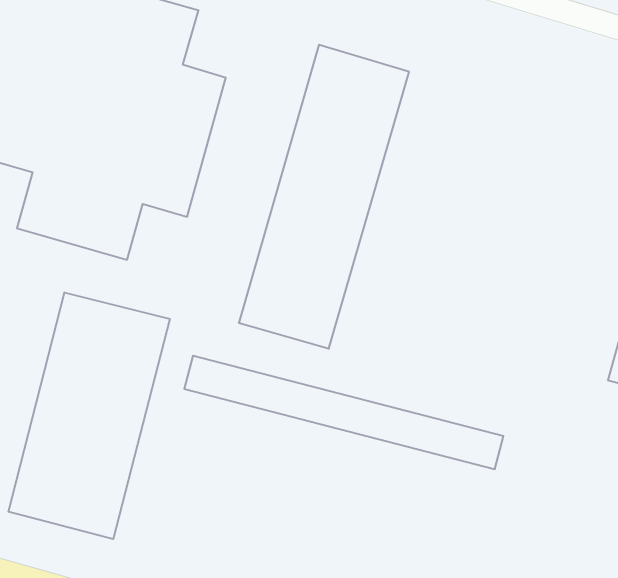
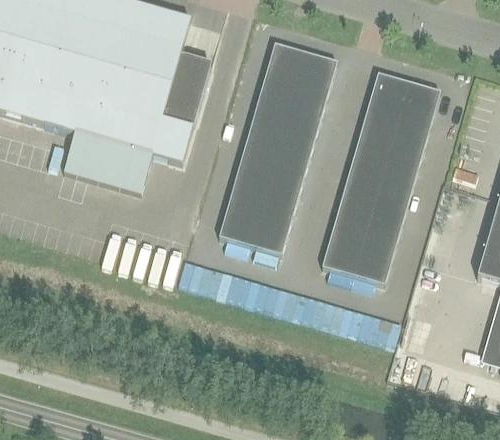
building: none -> [321,72,440,283]
building: [8,292,170,539] -> none

